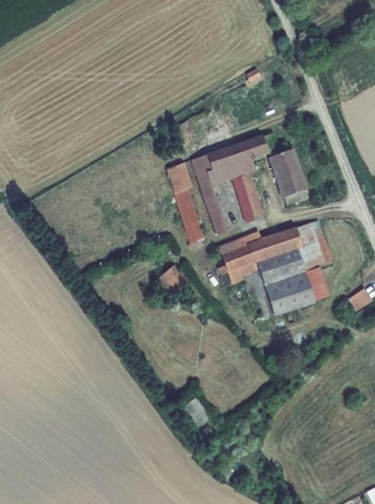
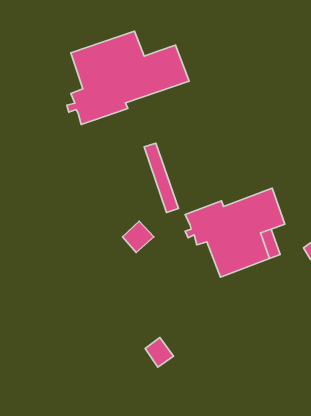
building: none -> [67,31,189,125]
building: [193,134,308,237] -> none

